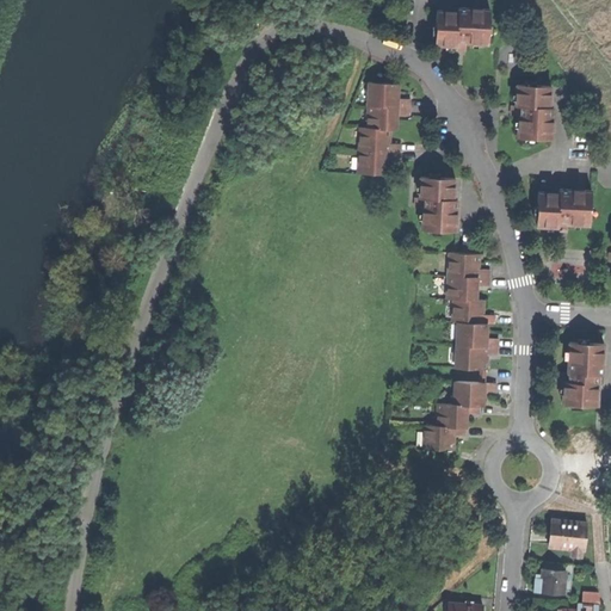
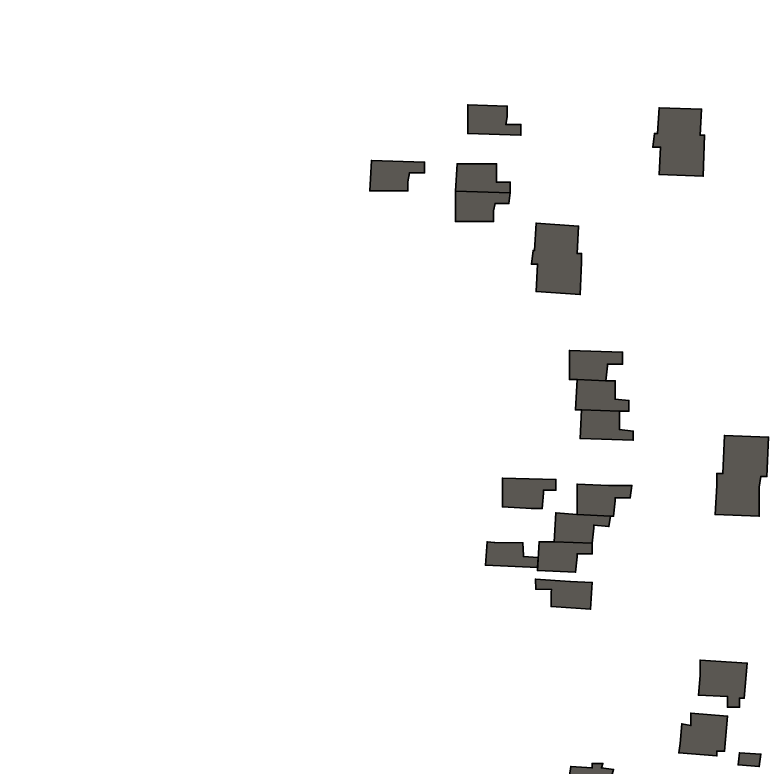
building: [436,10,489,49] -> none
building: [366,106,409,130] -> [370,161,425,191]
building: [537,190,591,229] -> none
building: [448,254,490,278] -> none
building: [456,346,498,370] -> [503,478,556,508]
building: none -> [485,542,538,567]
building: none -> [535,579,592,609]

